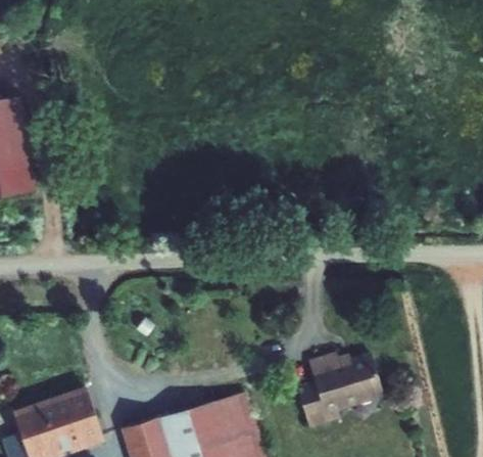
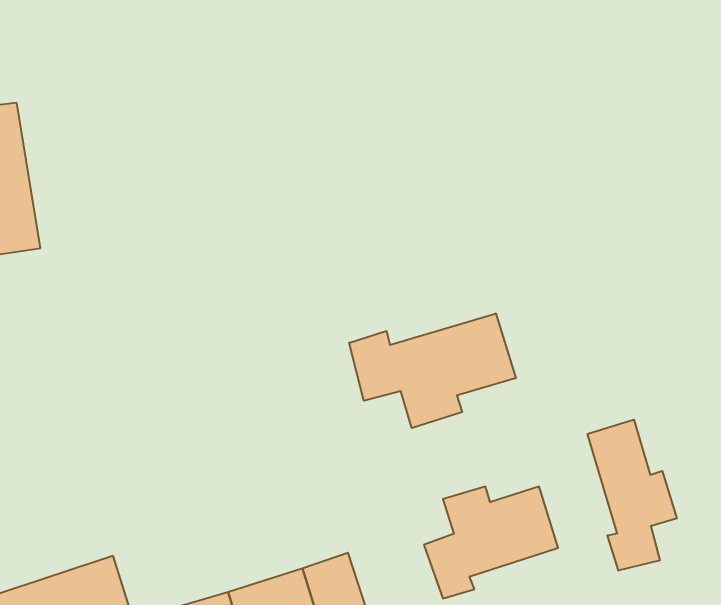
building: none -> [349,313,516,428]
building: none -> [588,420,677,571]

